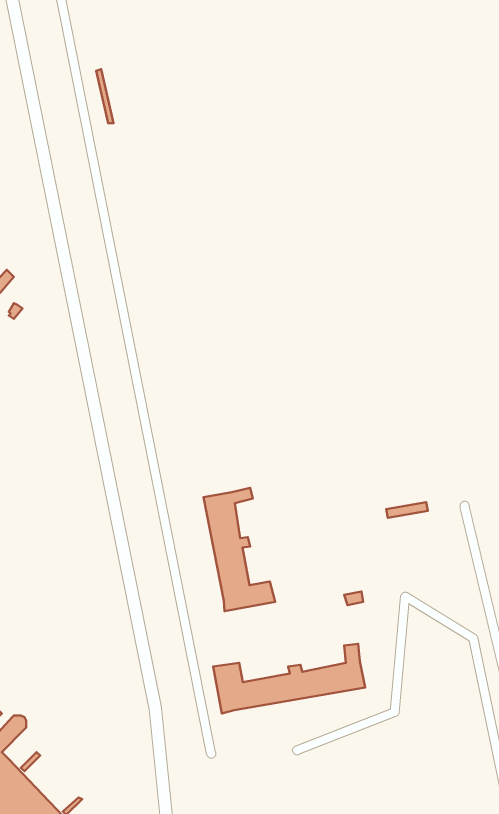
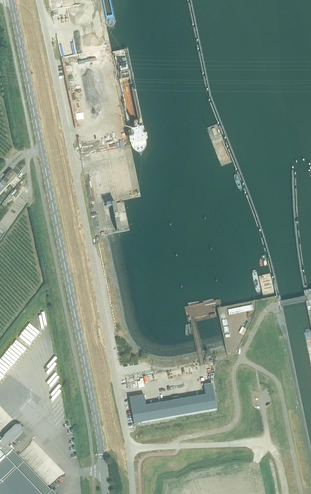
building: [204,488,275,611] -> none

